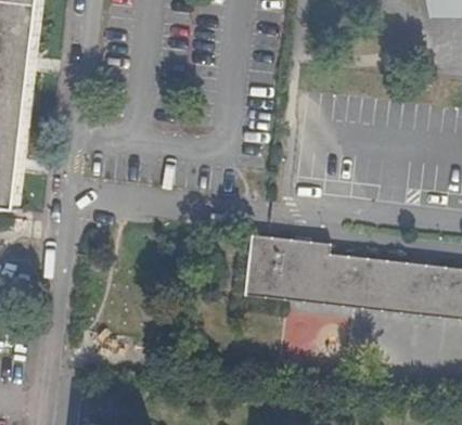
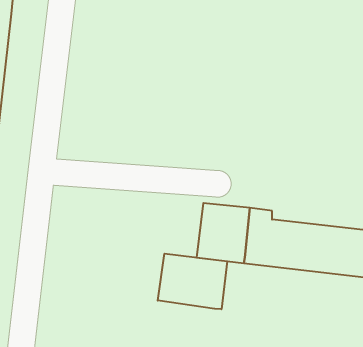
building: none -> [158,254,227,309]

